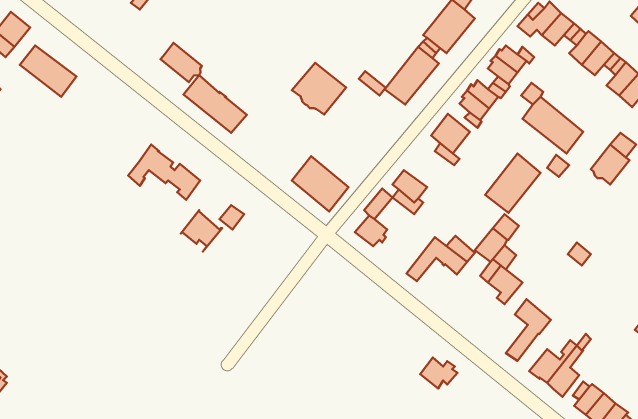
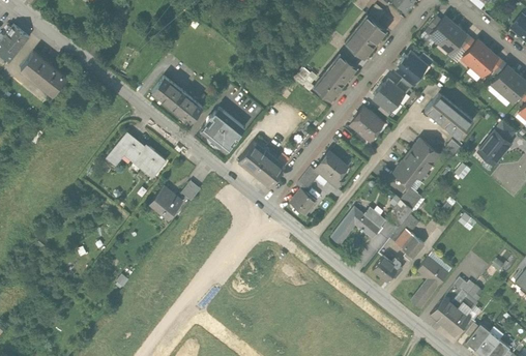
building: [160,43,202,82] -> none
building: [292,63,346,114] -> [200,109,243,150]
building: [420,357,457,388] -> [372,255,402,279]

